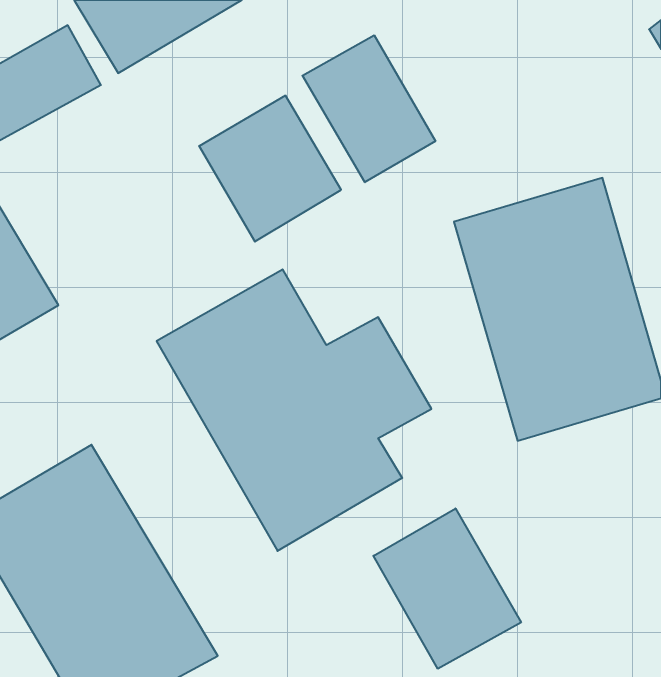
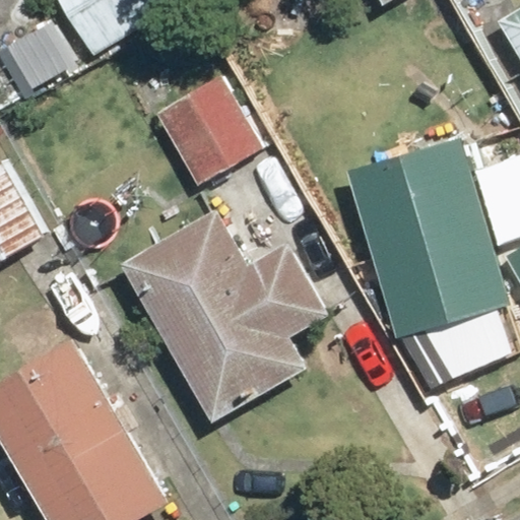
building: [302,35,435,182] -> none
building: [373,508,521,669] -> none

